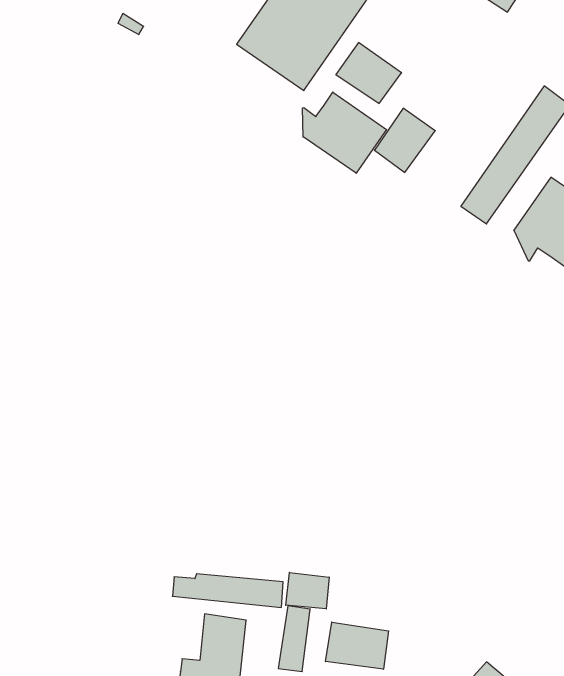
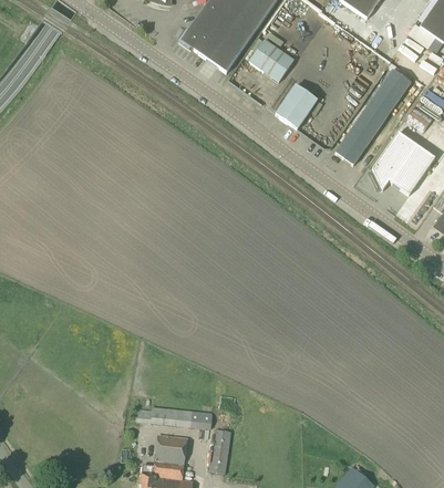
building: [303,92,387,173] -> none
building: [286,572,329,609] -> none
building: [326,622,388,669] -> none

